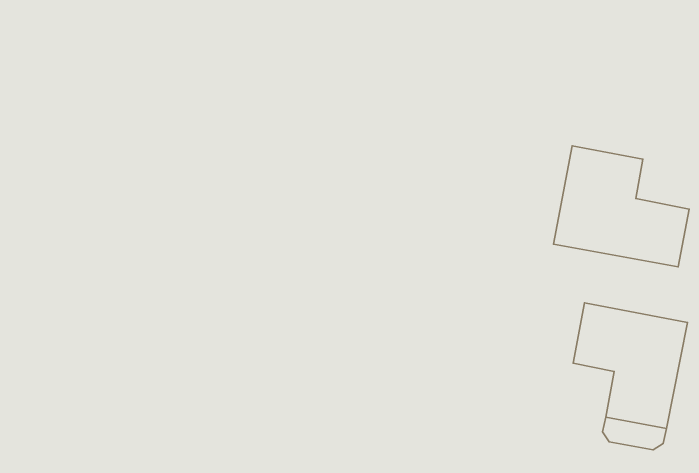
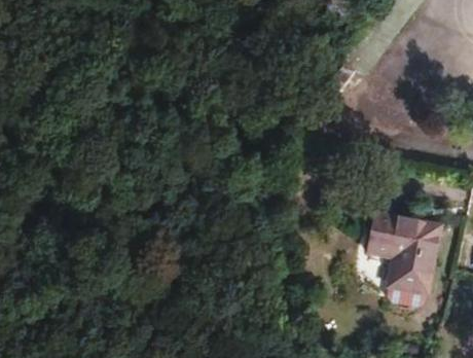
building: [554,146,689,267] -> none

